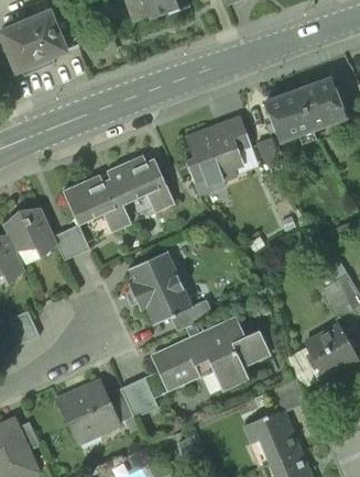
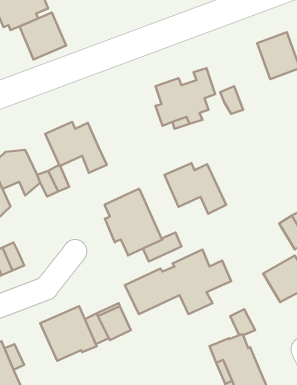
building: none -> [19,13,66,59]
building: [264,90,316,144] -> none
building: [107,157,175,213] -> [165,163,226,214]

